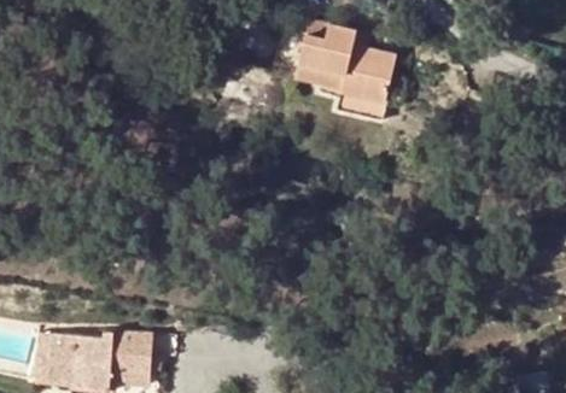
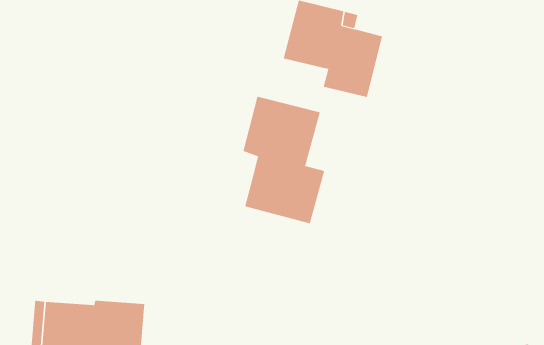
building: none -> [243,96,325,224]

